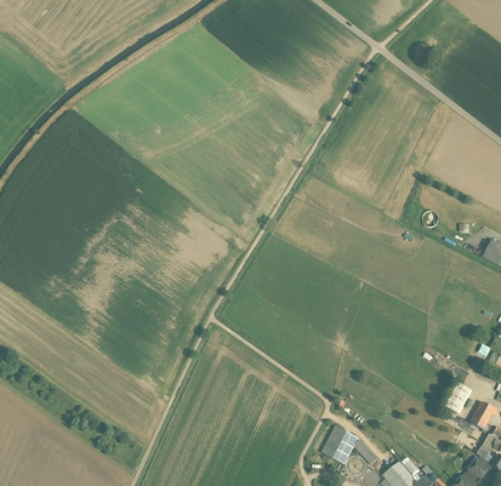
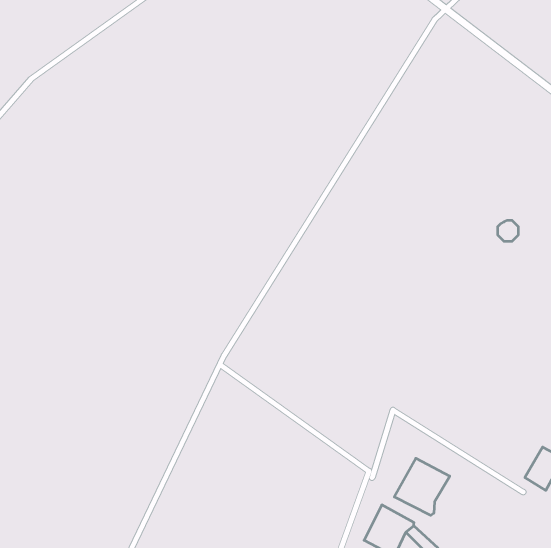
building: none -> [394,458,450,515]

